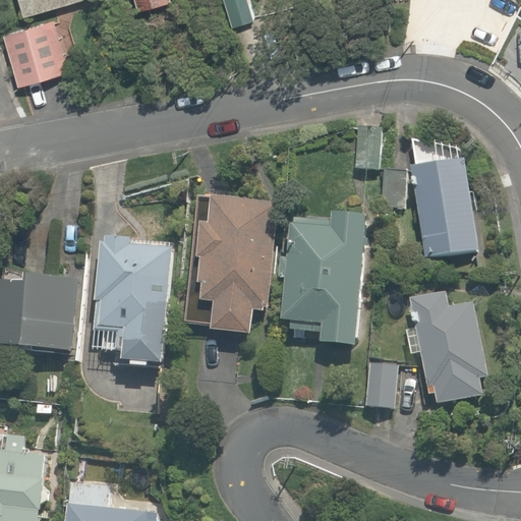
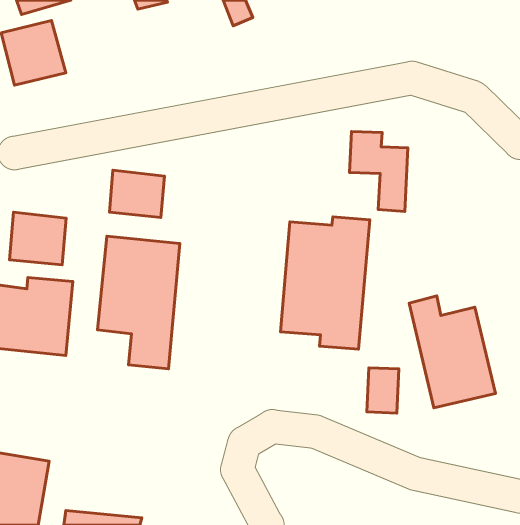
building: [410,139,473,255] -> none
building: none -> [109,170,165,217]
building: [196,193,280,339] -> none
building: none -> [9,212,66,265]

